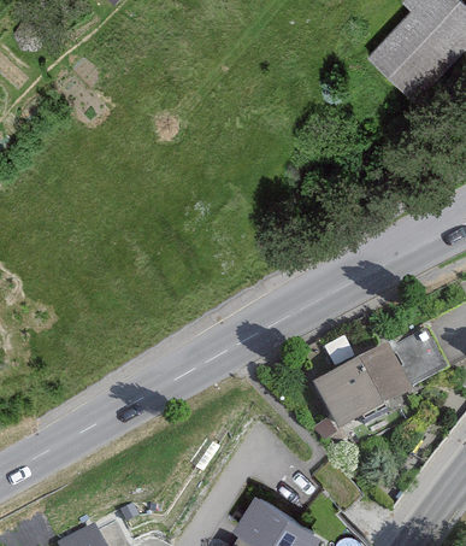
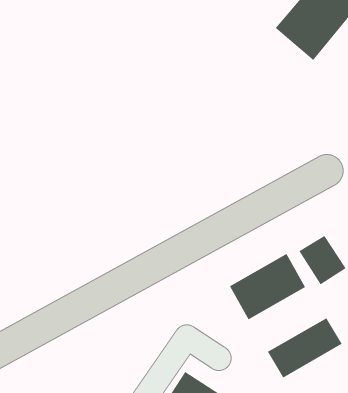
building: none -> [267,317,342,378]

